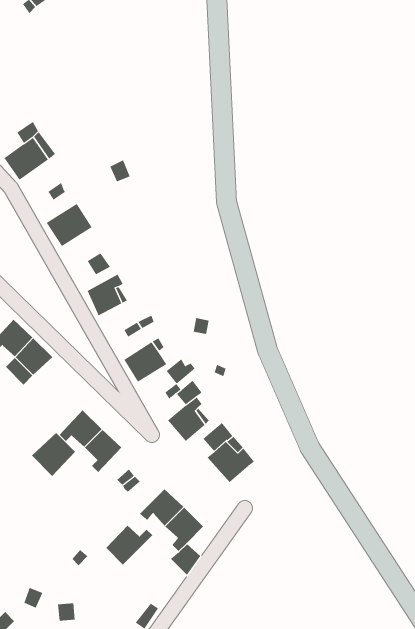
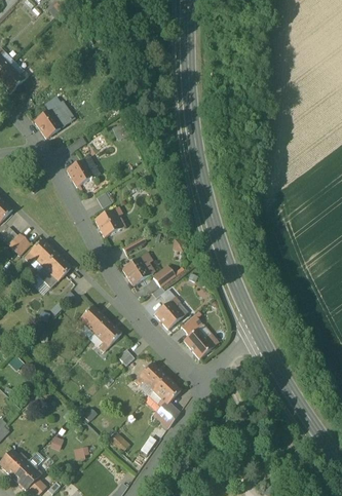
building: [31,432,76,477] -> none
building: [106,525,153,565] -> none

